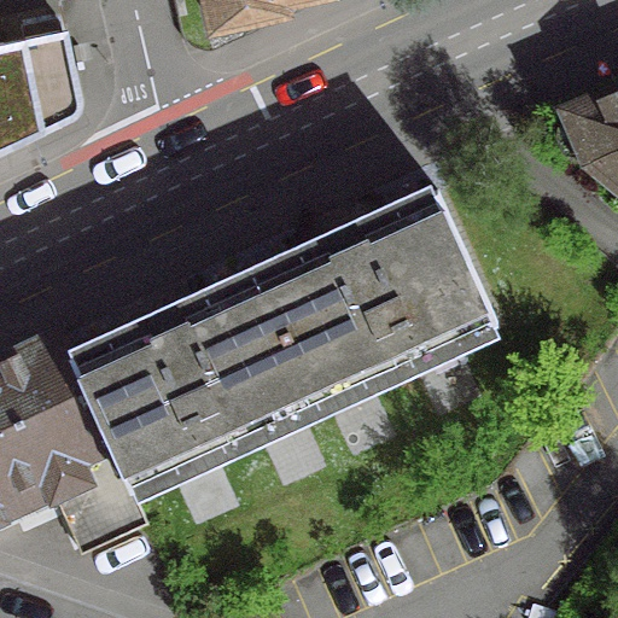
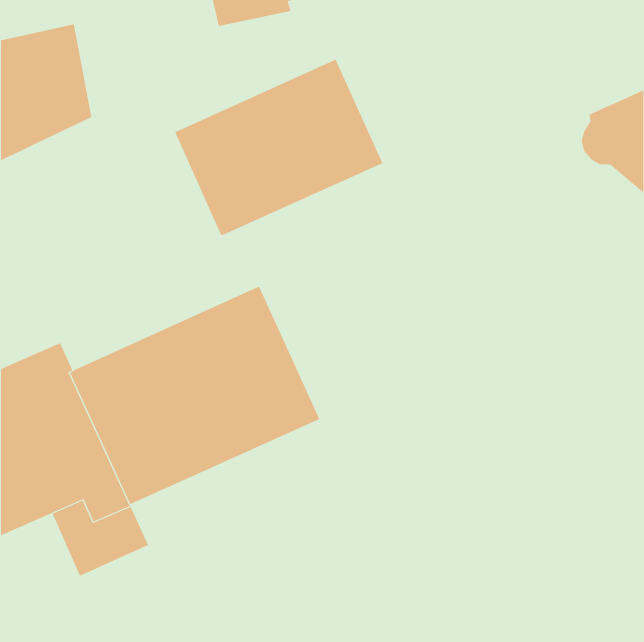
building: none -> [174,59,383,236]
building: [249,192,489,402] -> none

